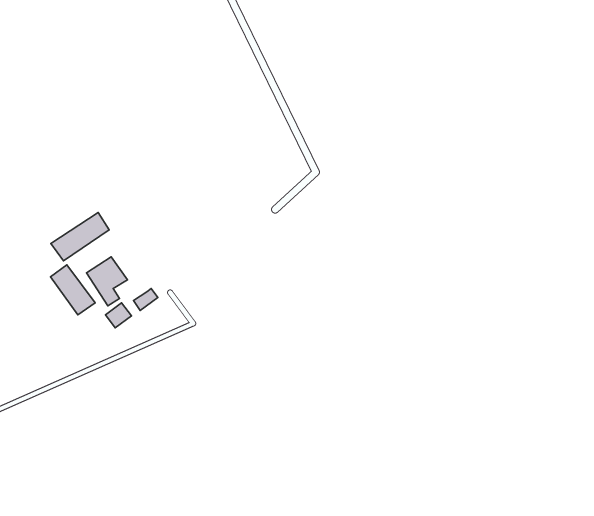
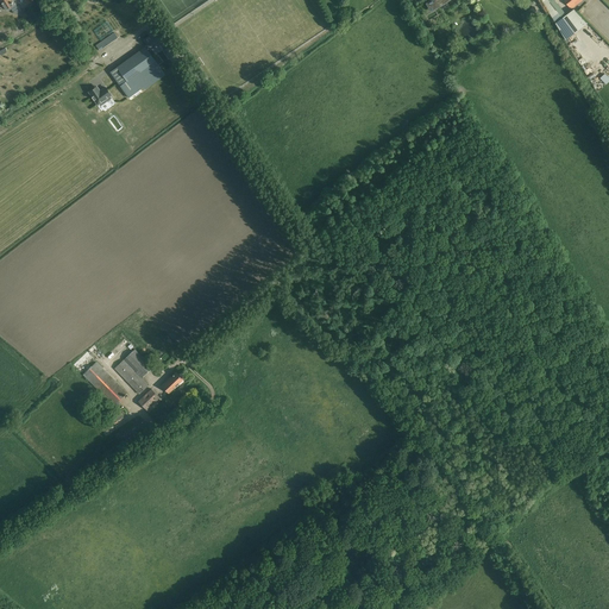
building: [51,213,109,261] -> none

